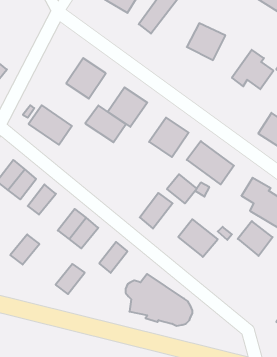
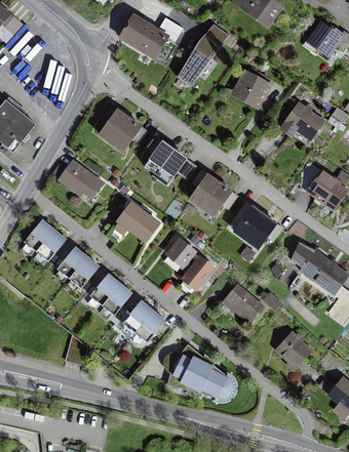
building: [85,105,126,142] -> [116,203,160,243]
building: [167,174,197,203] -> [164,239,197,271]
building: [238,221,273,256] -> [275,331,313,369]
building: [10,234,39,265] -> [69,256,101,289]
building: [56,264,85,294] -> [121,299,153,332]

